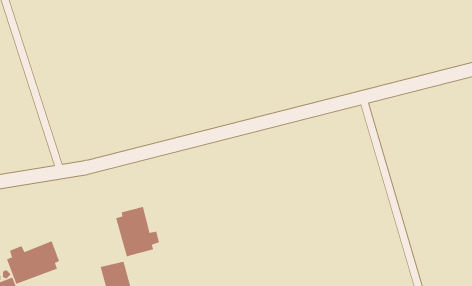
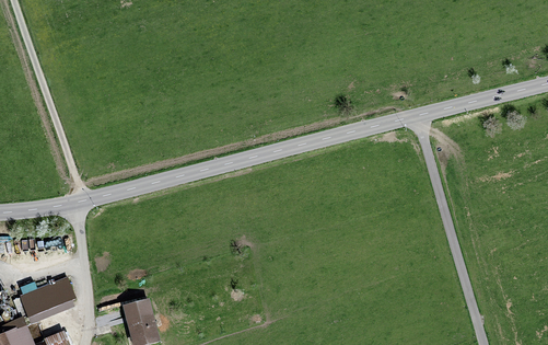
building: [116,206,160,257] -> none

